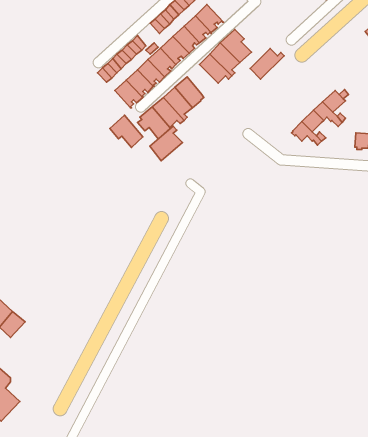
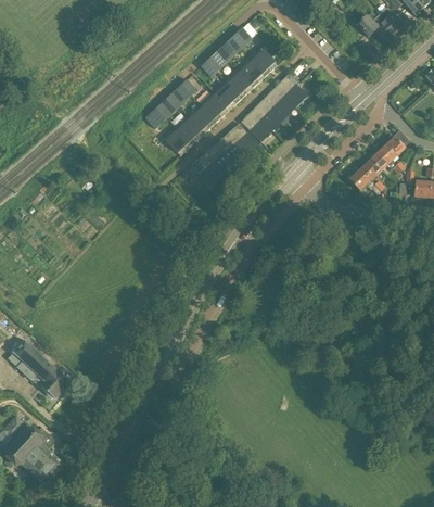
building: [250,49,284,79] -> none
building: none -> [241,109,272,139]
building: [110,115,143,147] -> none
building: [150,126,182,161] -> none

